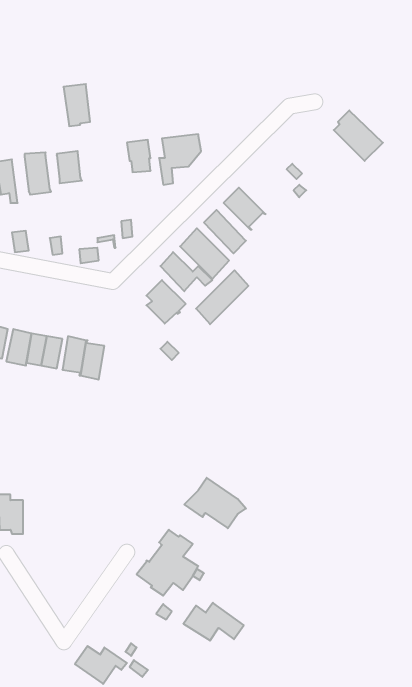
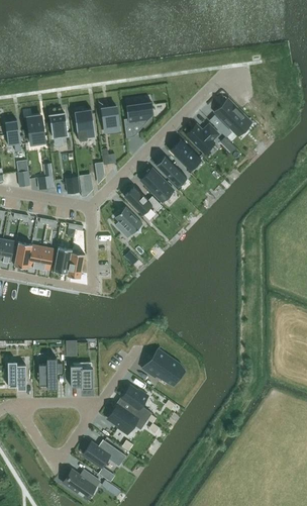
building: [63,84,90,126] -> [75,110,94,140]
building: [334,110,383,161] -> [216,100,251,136]
building: none -> [185,124,218,155]
building: [196,270,248,324] -> none
building: none -> [38,359,62,389]
building: none -> [70,366,93,390]
building: [183,603,244,641] -> [82,440,125,468]

